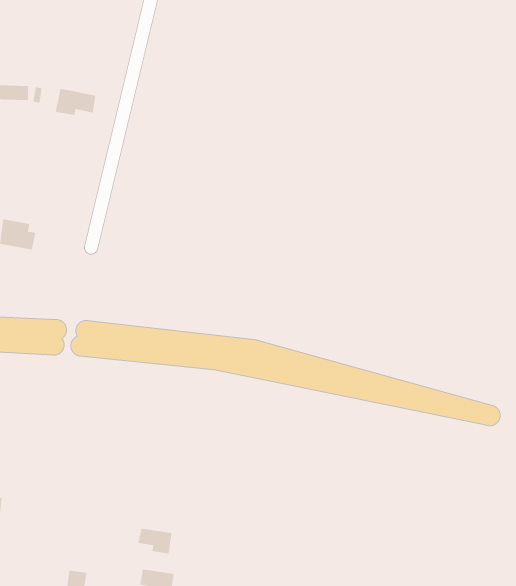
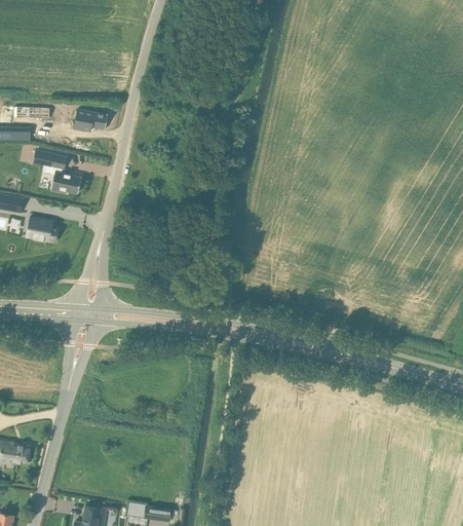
building: none -> [34,151,82,194]
building: [138,528,172,554] -> none

